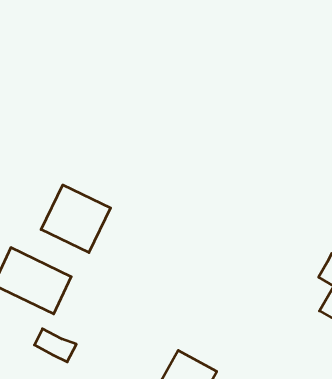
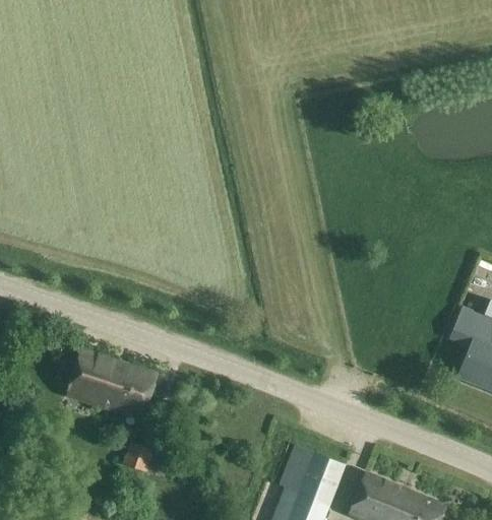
building: [41,185,111,253] -> none

